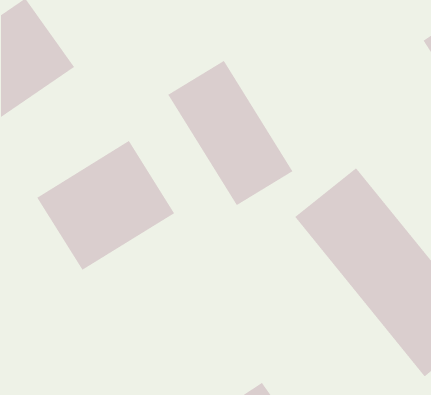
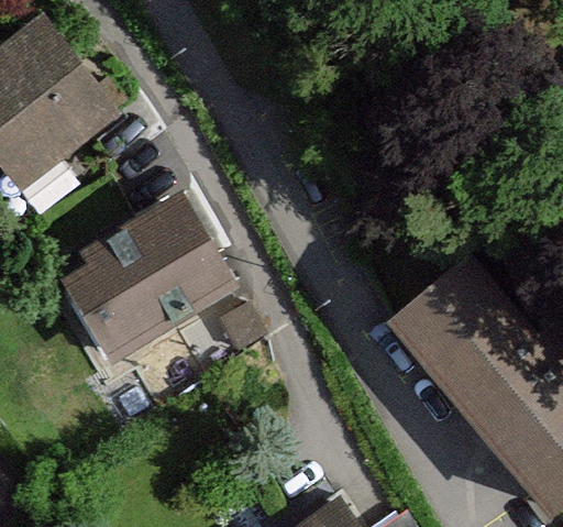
building: [167,60,294,206] -> none

